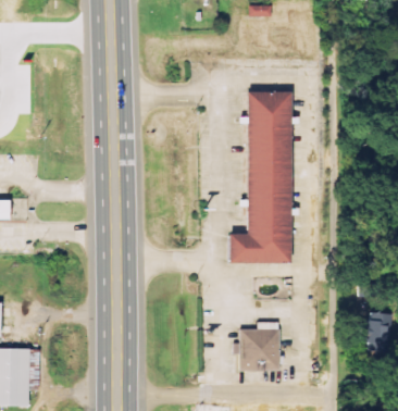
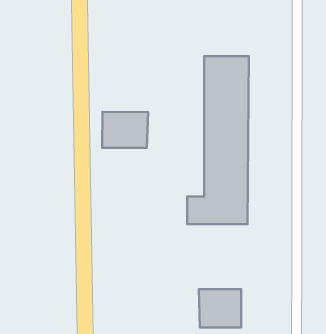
building: none -> [102,112,148,148]

